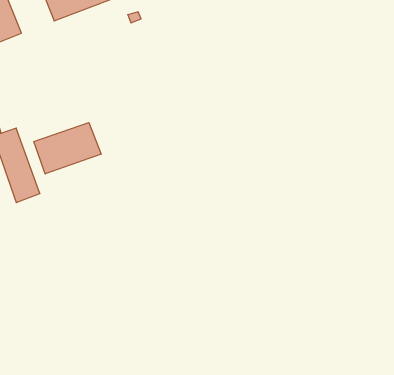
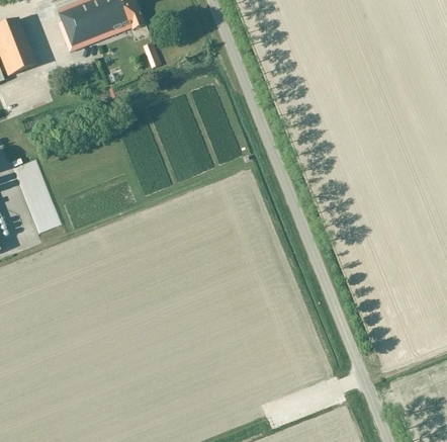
building: [34,123,101,174] -> none

